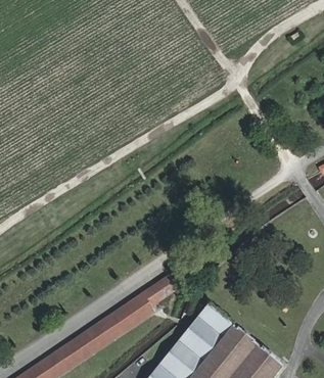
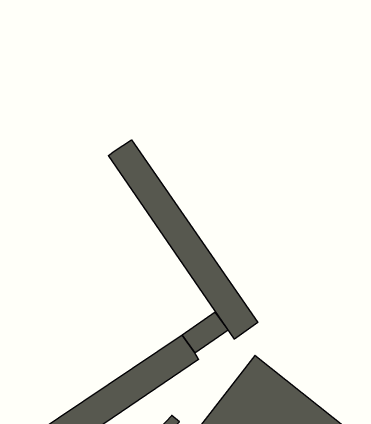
building: none -> [108,140,258,339]

